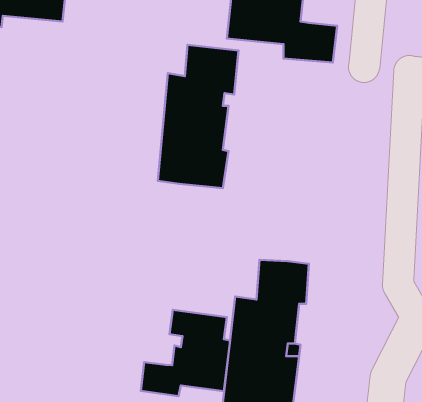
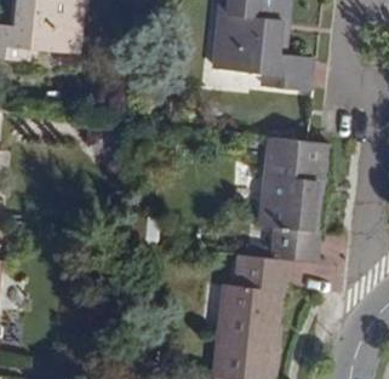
building: [158,45,239,188] -> [268,139,337,262]
building: [141,310,230,396] -> none

